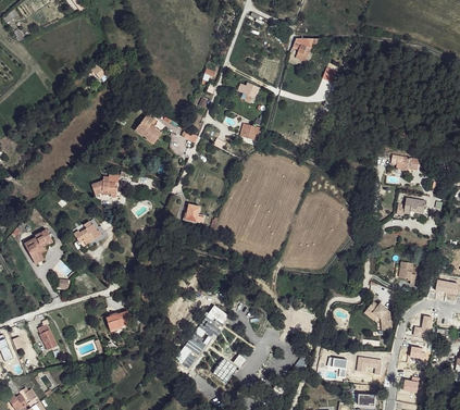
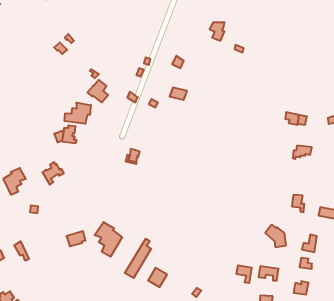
building: none -> [65,103,91,124]
building: none -> [95,222,122,257]

